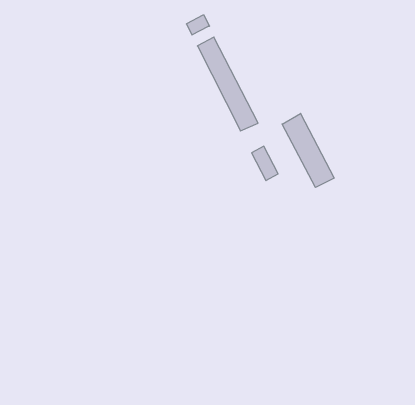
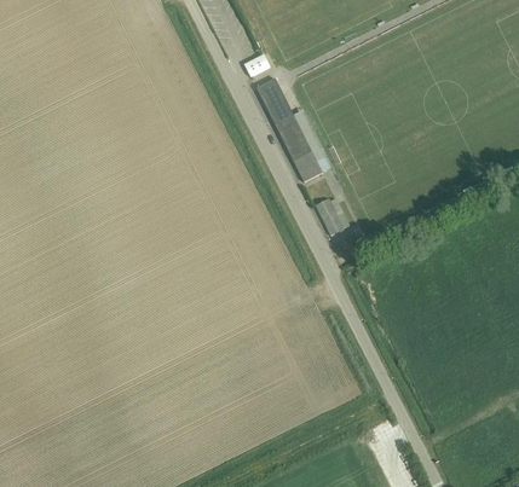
building: [282,113,334,187] -> none

